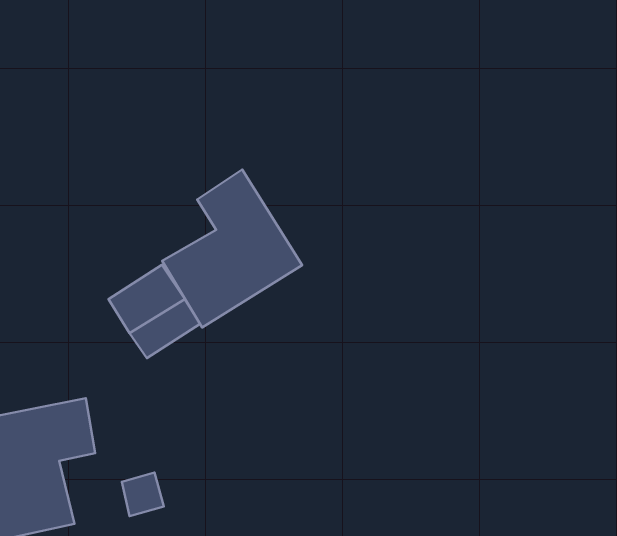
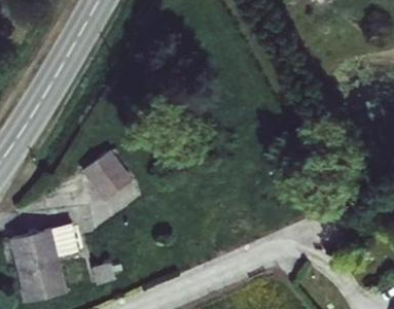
building: [162,169,302,327] -> none

